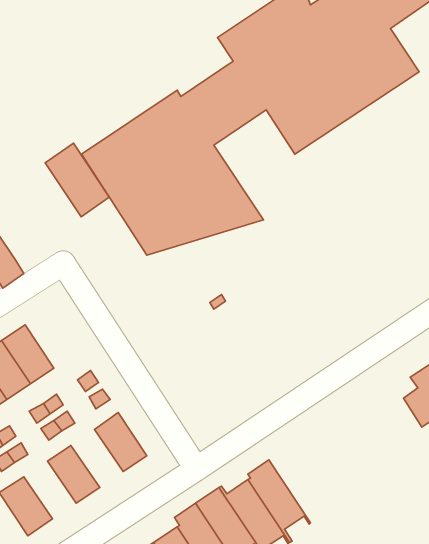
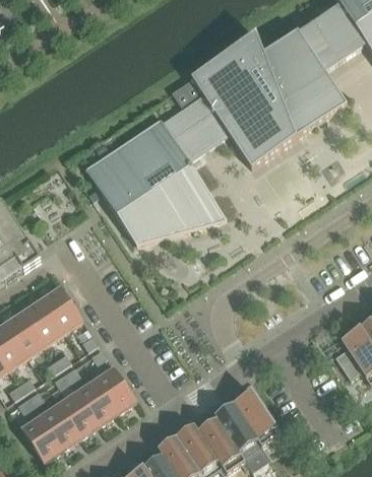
building: [45,143,109,217] -> none
building: none -> [42,286,83,332]
building: none -> [77,380,118,424]
building: none -> [231,390,285,452]
building: none -> [41,404,81,449]

